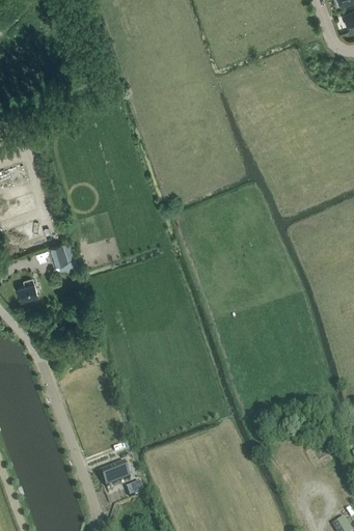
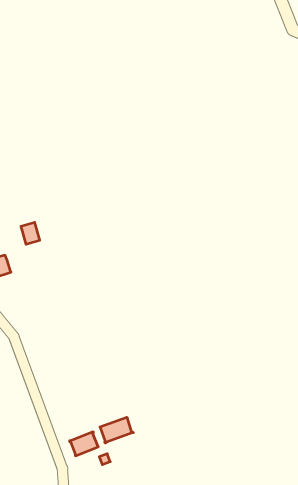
building: none -> [100,417,133,443]

